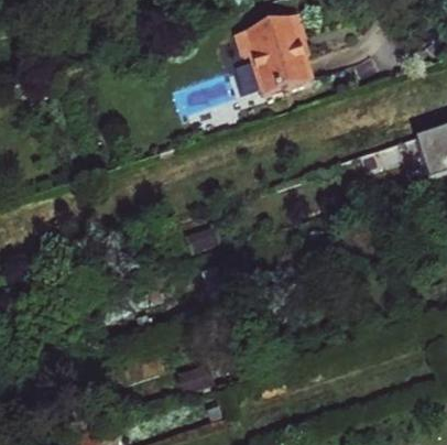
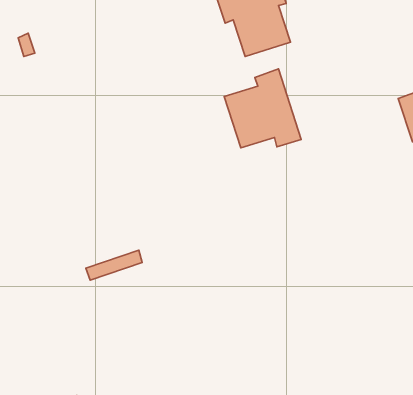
building: none -> [224,69,301,148]

